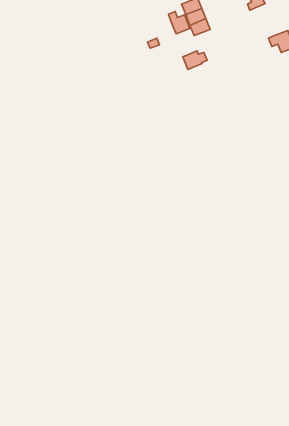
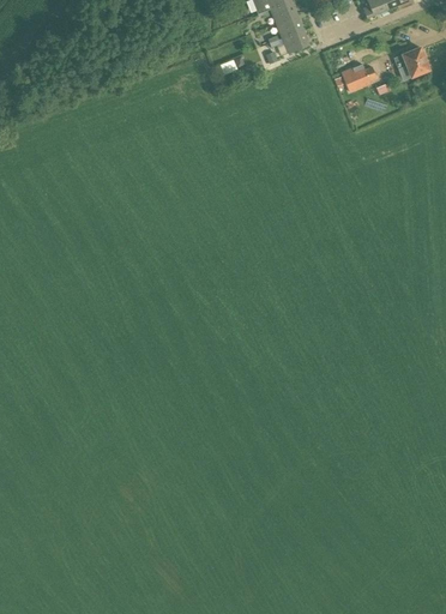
building: [168,12,190,34] -> none
building: [183,51,207,69] -> [340,64,375,90]

